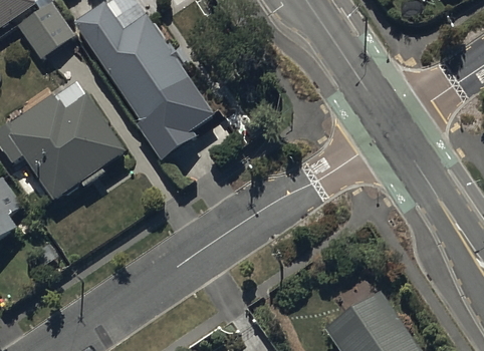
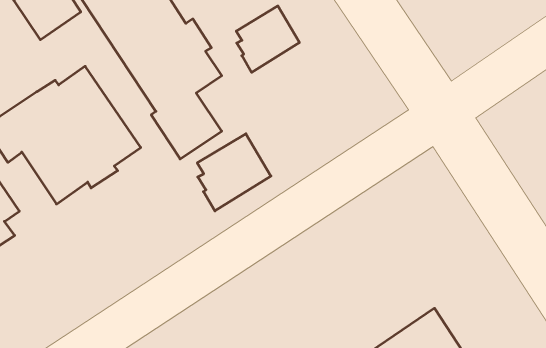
building: none -> [236,6,299,72]
building: none -> [197,134,271,211]

